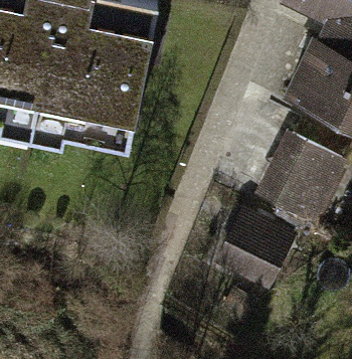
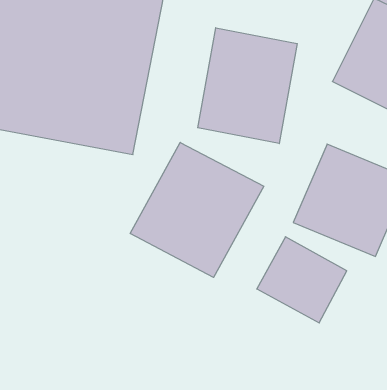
building: none -> [198,28,297,144]
building: none -> [130,142,264,277]

